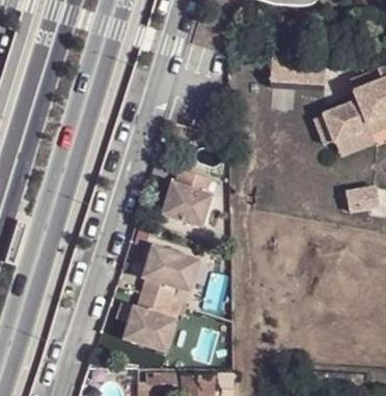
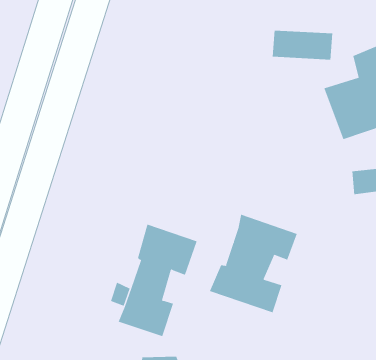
building: [160,167,213,227] -> none
building: none -> [209,214,298,313]

